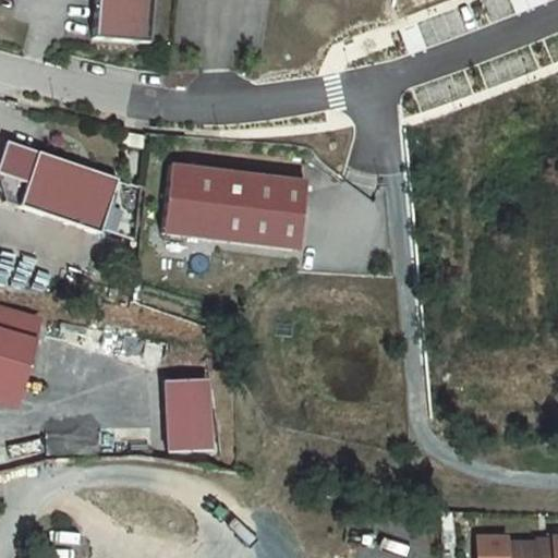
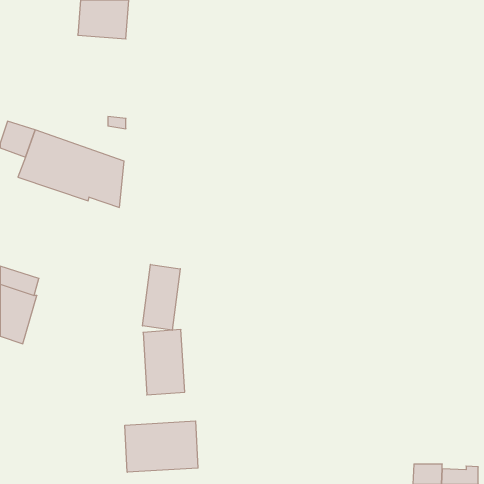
building: [163,161,308,248] -> none
building: none -> [143,264,180,330]
building: none -> [125,421,198,472]

